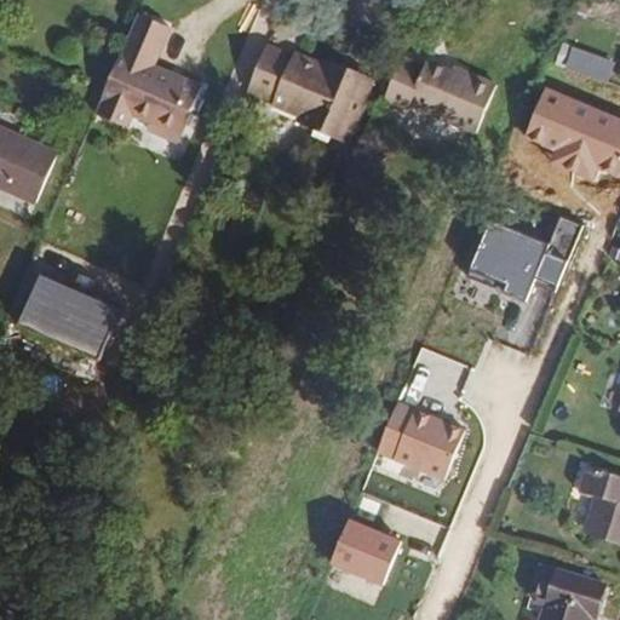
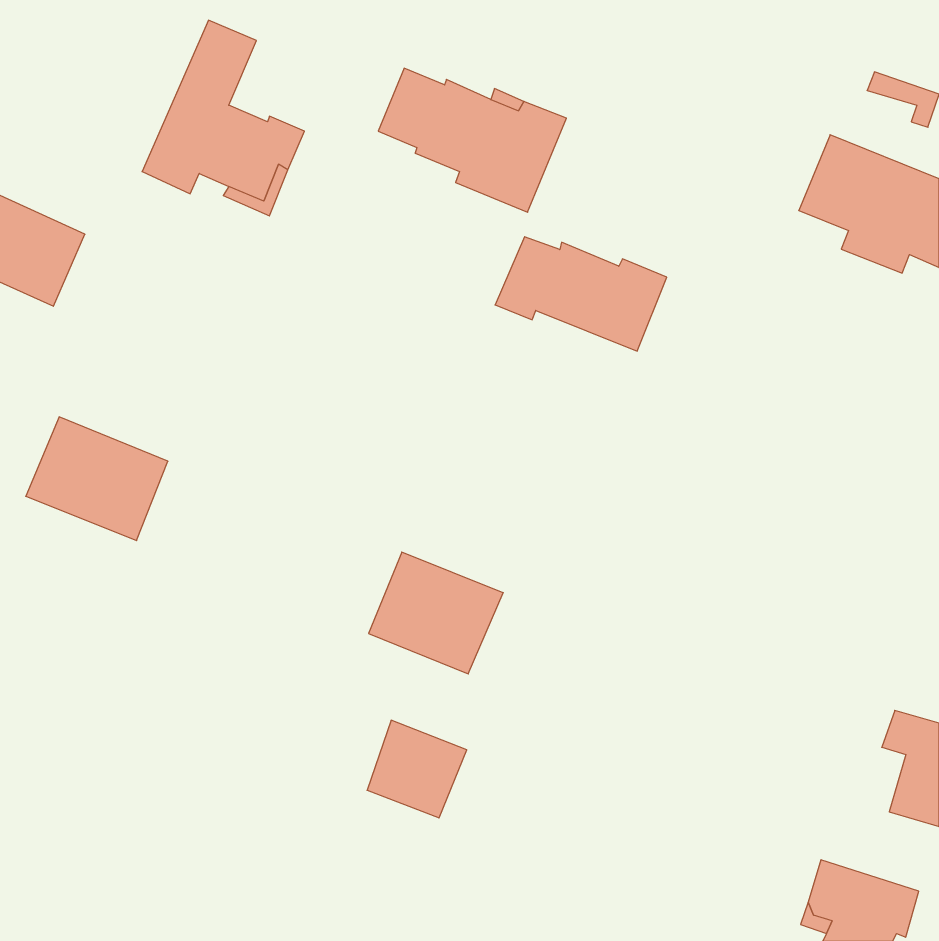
building: [381,57,494,132] -> [495,237,667,351]
building: [467,216,581,300] -> none
building: [375,402,464,482] -> [369,552,503,674]
building: [334,519,400,584] -> [367,720,467,818]

